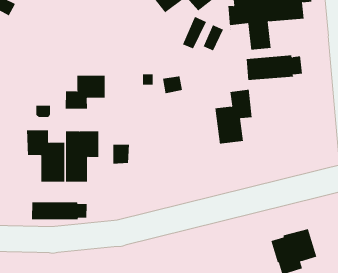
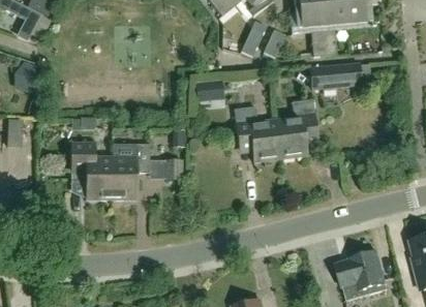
building: [65,75,105,110] -> none
building: none -> [234,105,280,161]
building: [32,201,87,220] -> none

